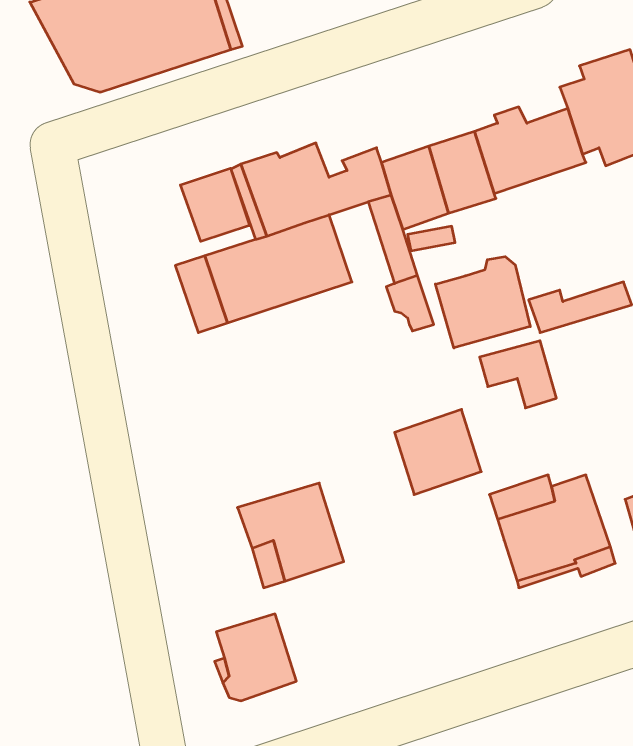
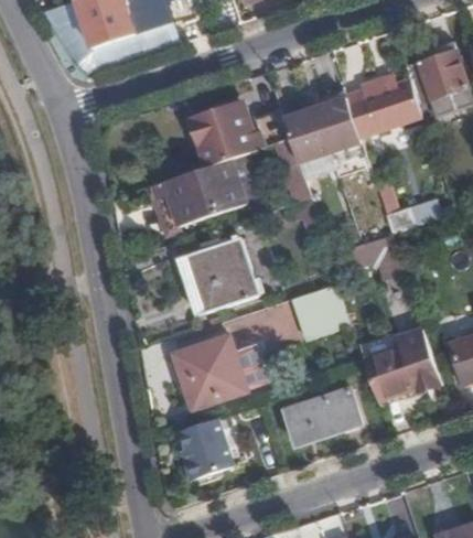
building: [180,168,250,241] -> none
building: [435,257,530,348] -> none
building: none -> [184,235,259,311]
building: none -> [287,390,361,443]

